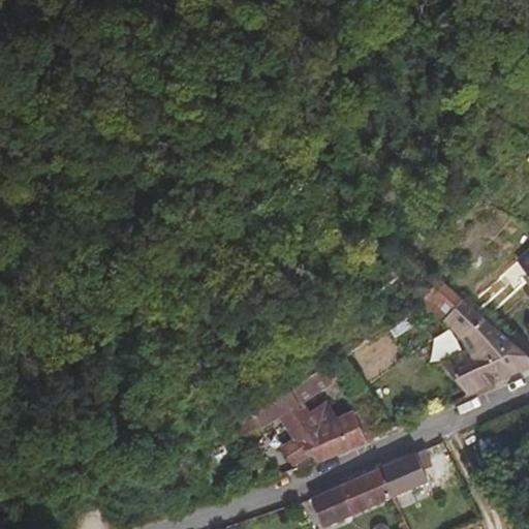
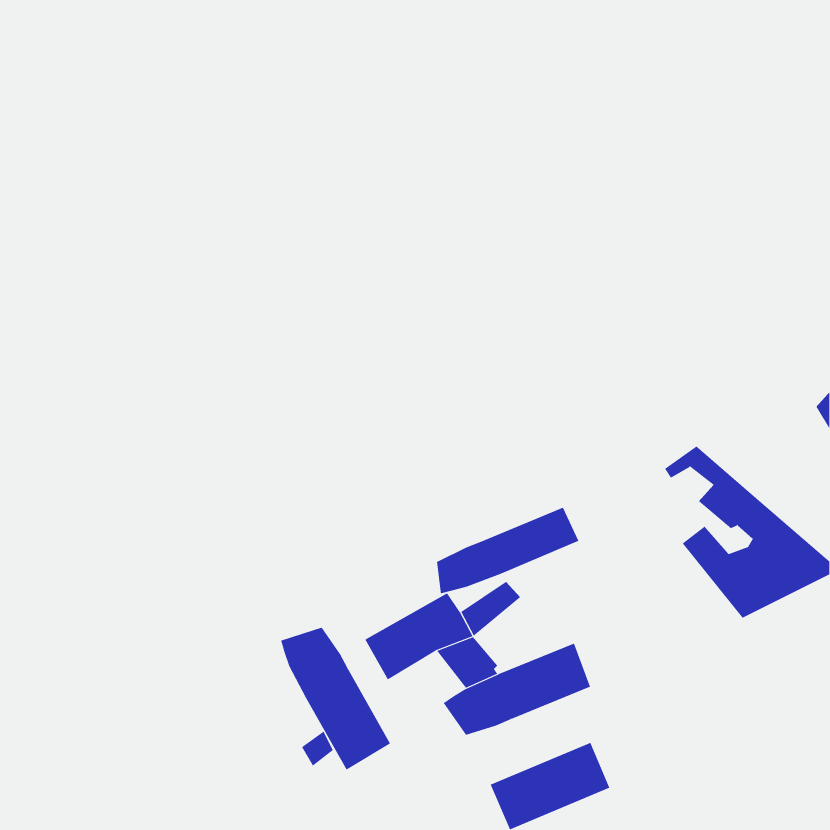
building: none -> [437,507,579,594]
building: none -> [280,627,391,771]
building: [375,448,435,500] -> none

